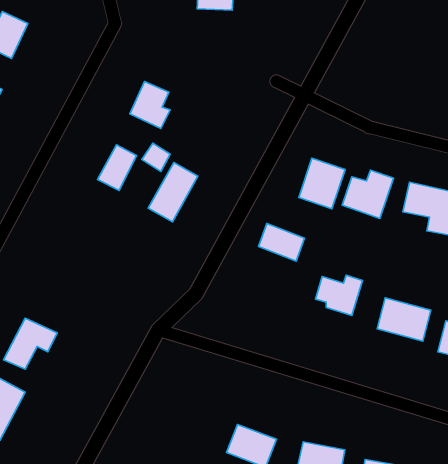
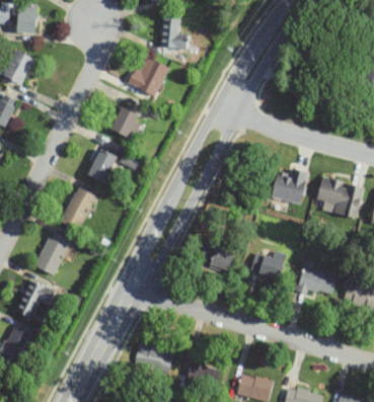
building: none -> [128,58,169,97]
building: [299,158,345,209] -> none
building: [148,163,198,222] -> [62,184,99,229]
building: [259,224,304,261] -> [200,243,234,271]
building: none -> [34,231,71,275]
building: none -> [134,343,174,376]

